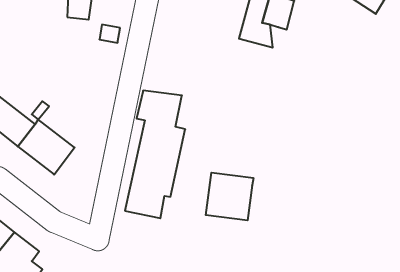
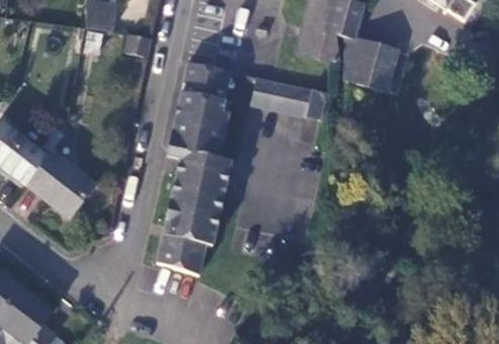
building: none -> [345,37,397,90]
building: none -> [169,63,231,150]
building: none -> [250,78,325,120]
building: [206,173,253,220] -> none

